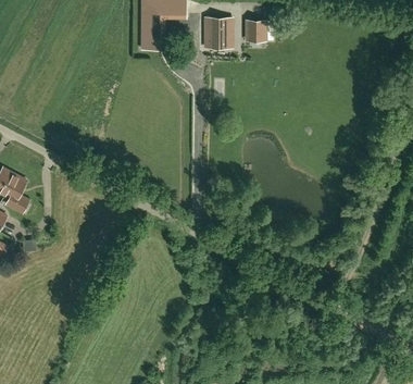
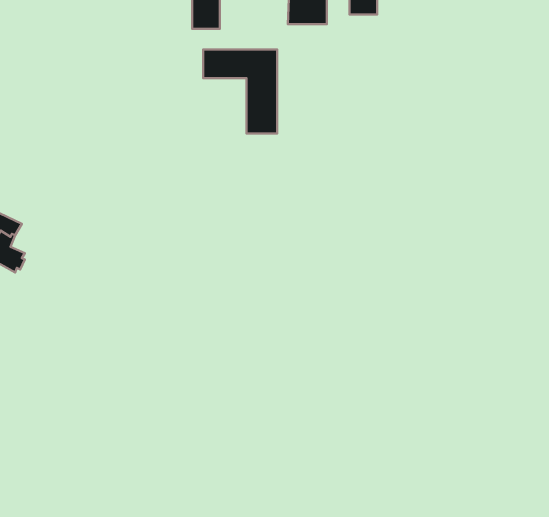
building: none -> [203,49,277,134]

